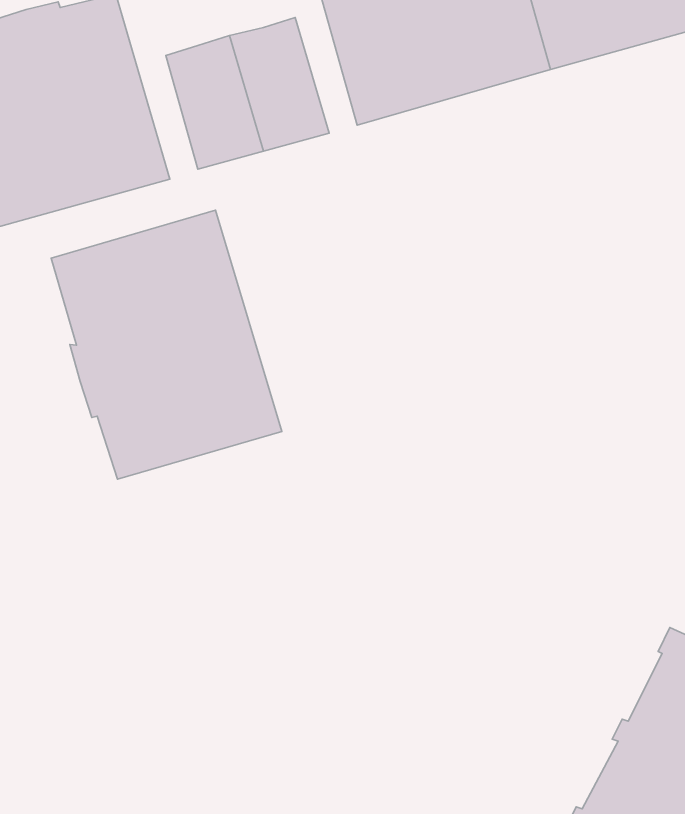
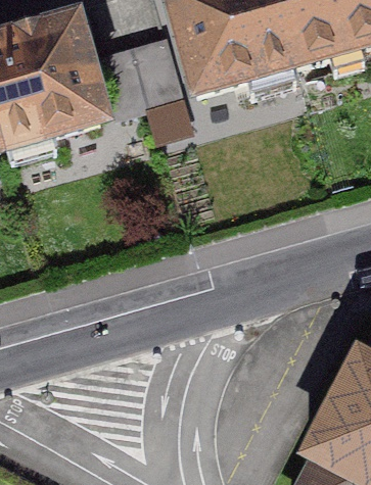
building: [51,210,282,479] -> none

